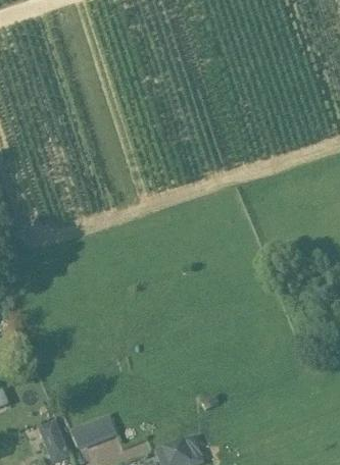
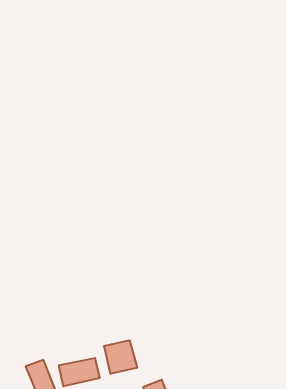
building: none -> [104,340,137,374]

